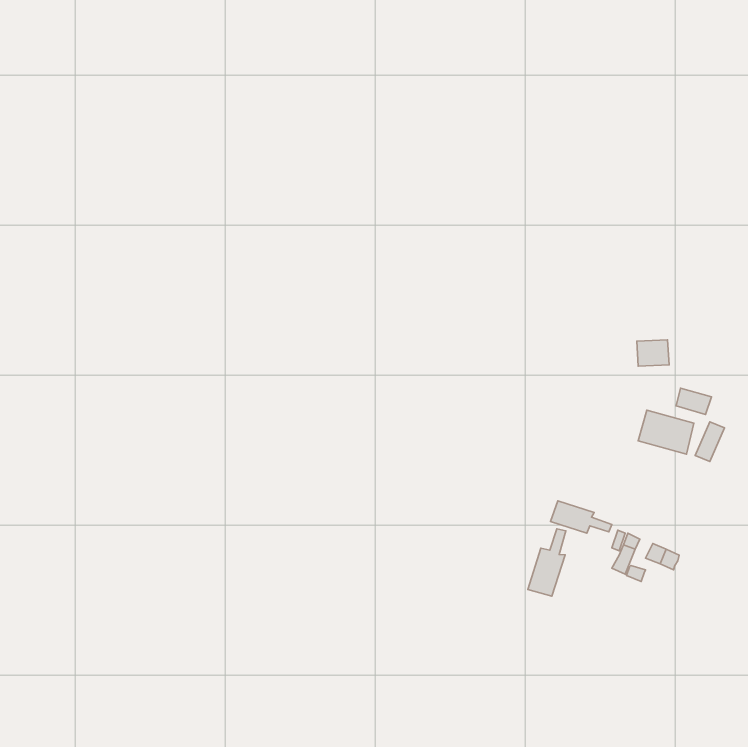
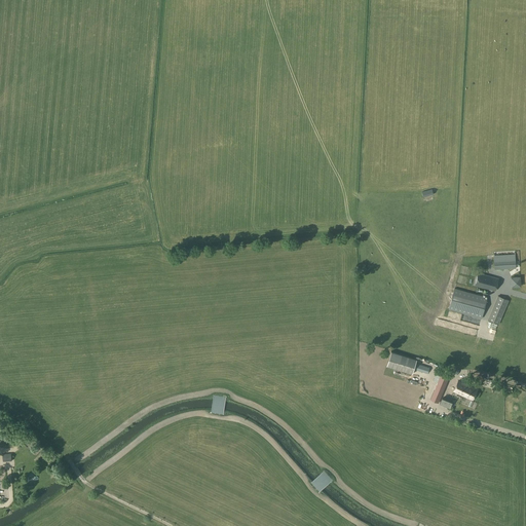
building: [637,340,669,366] -> [493,252,516,270]
building: [528,529,566,596] -> none

